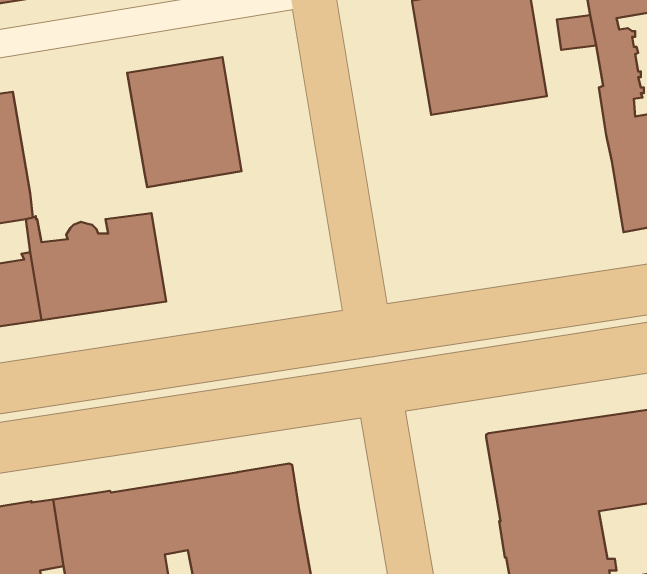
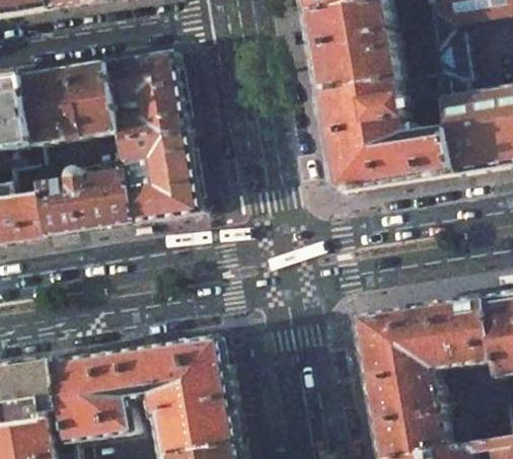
building: none -> [22,63,115,147]
building: none -> [315,73,450,193]
building: none -> [117,132,196,223]

